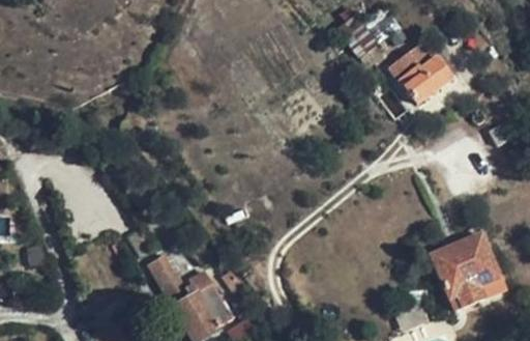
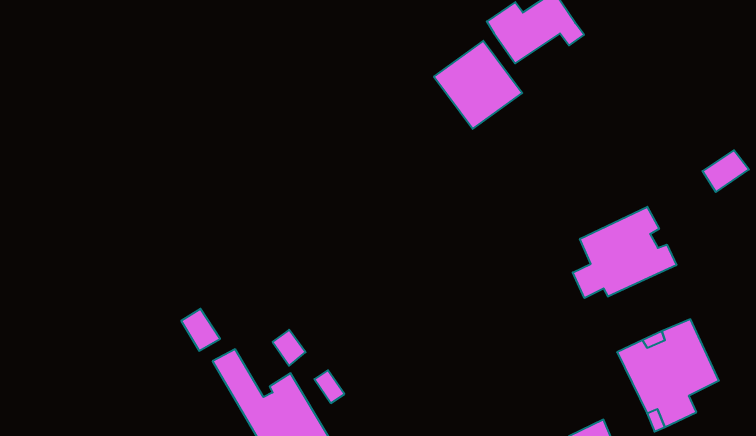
building: [390,42,451,104] -> [434,41,522,129]
building: none -> [573,207,676,298]

